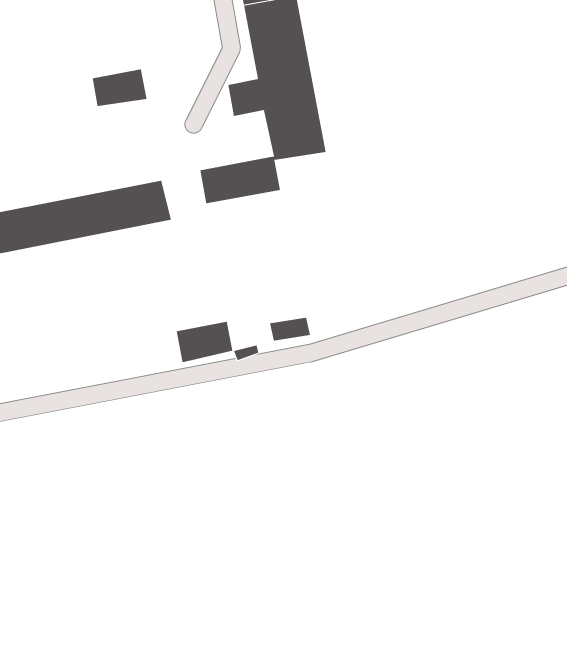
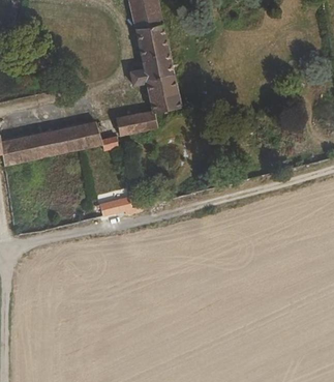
building: [92,69,147,107] -> none

